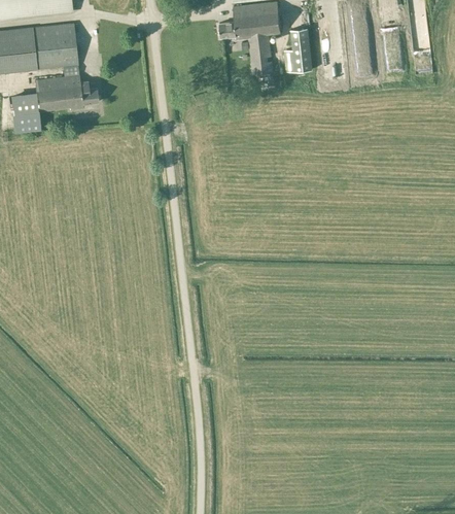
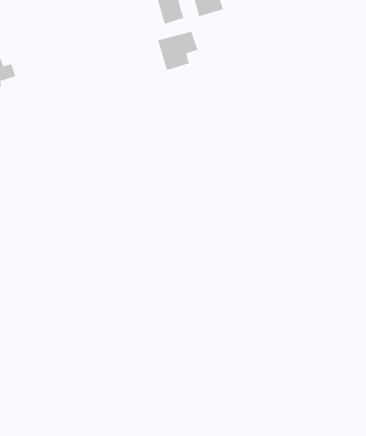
building: none -> [158,31,198,71]

